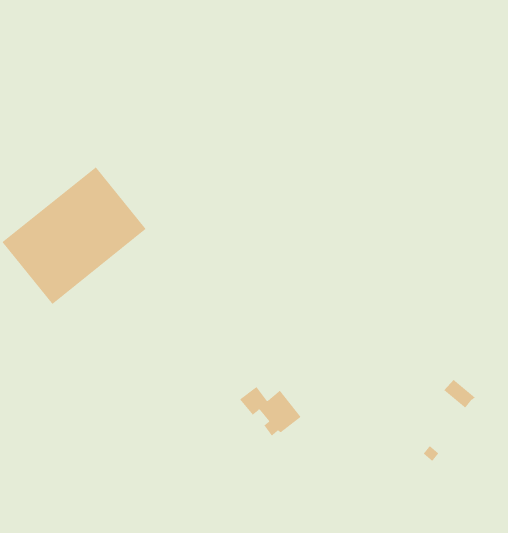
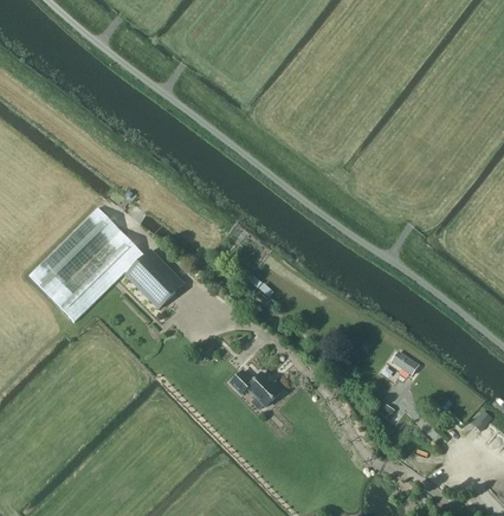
building: none -> [124,249,183,308]

